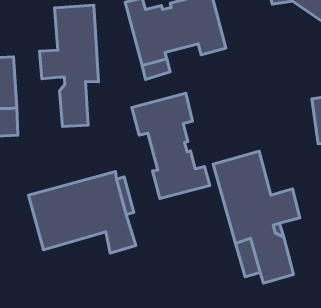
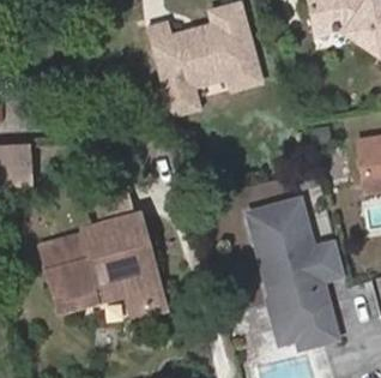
building: [39,5,99,127] -> none
building: [132,93,210,198] -> none

